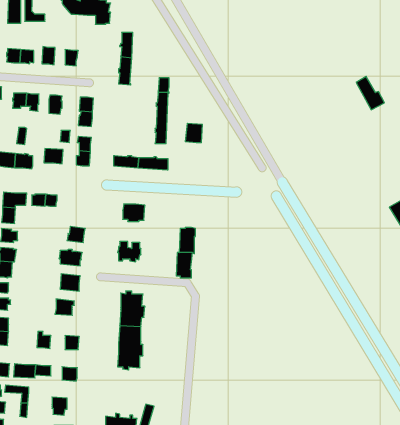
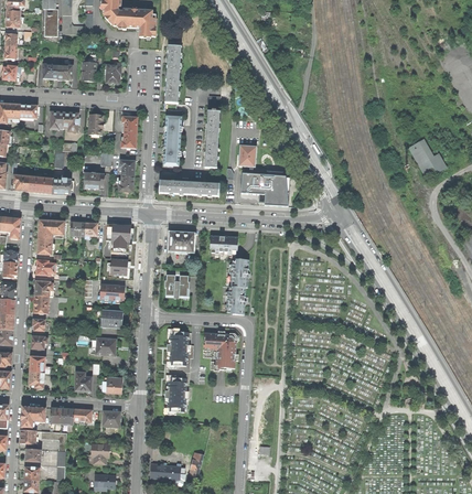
building: [356,76,384,110] -> [411,138,442,174]
building: none -> [163,108,182,165]
building: none -> [240,172,290,205]
building: none -> [105,223,130,251]
building: none -> [210,235,237,253]
building: none -> [203,332,237,368]

